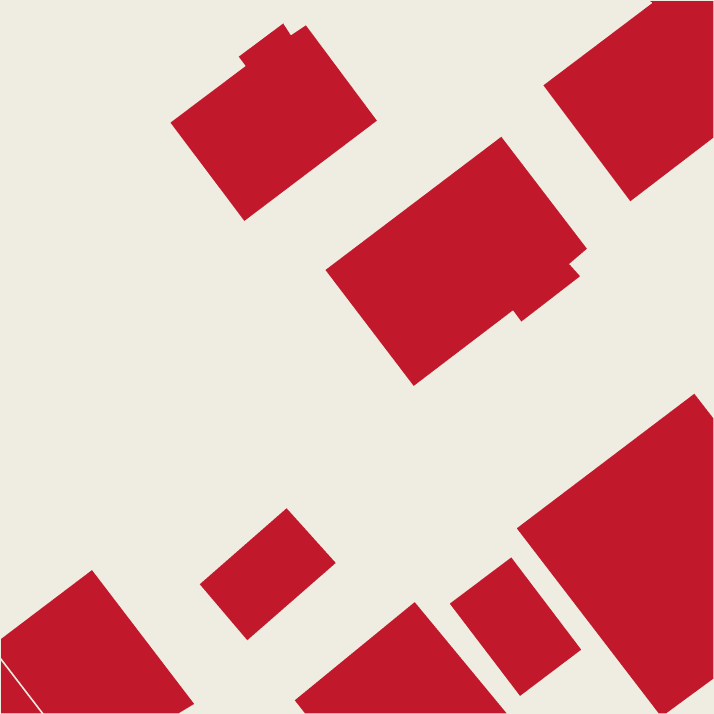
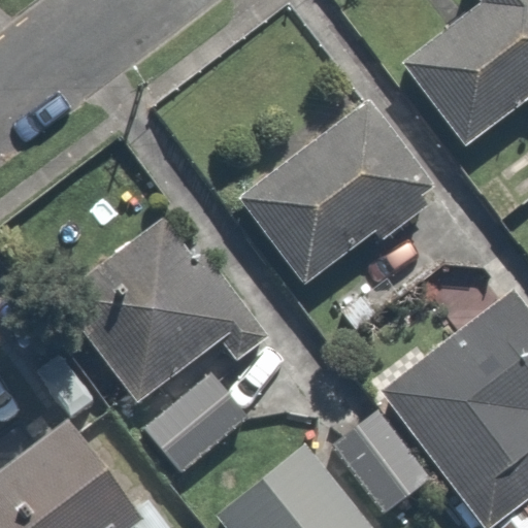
building: [169,22,378,222] -> none
building: none -> [60,219,268,402]

